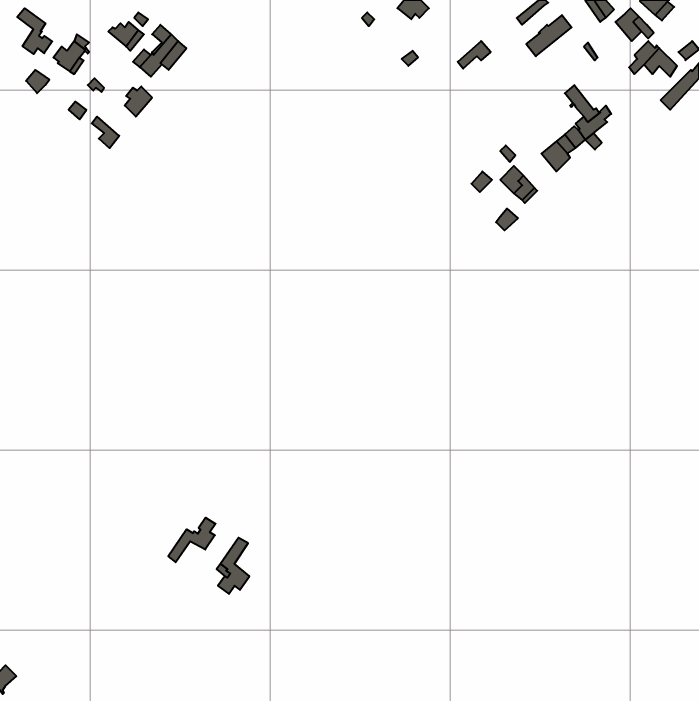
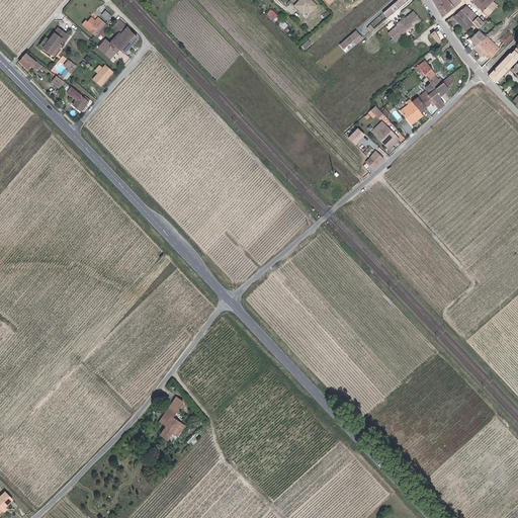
building: [17,8,52,54] -> none
building: [168,518,216,562] -> none

